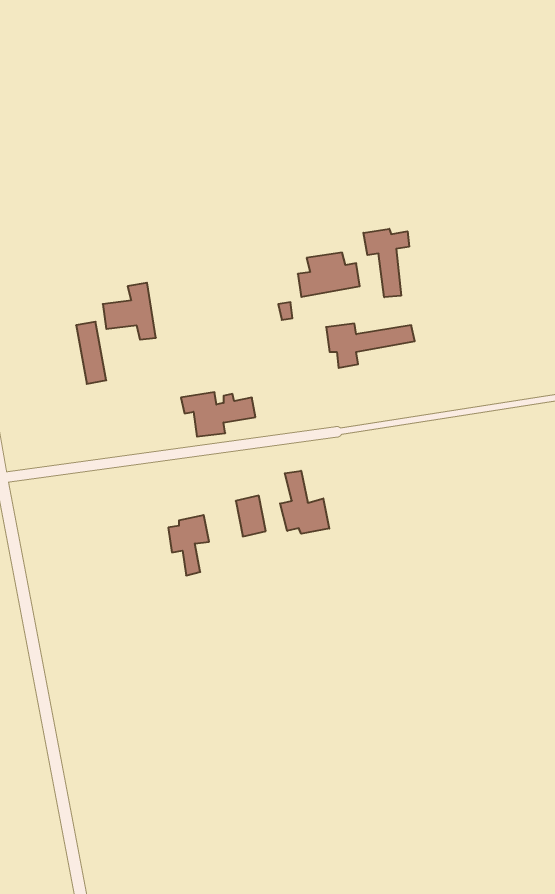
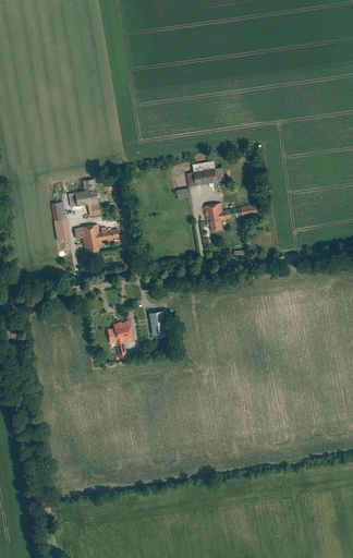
building: [363,229,409,297] -> none
building: [181,392,255,437] -> [75,226,121,253]
building: [280,471,329,534] -> none

